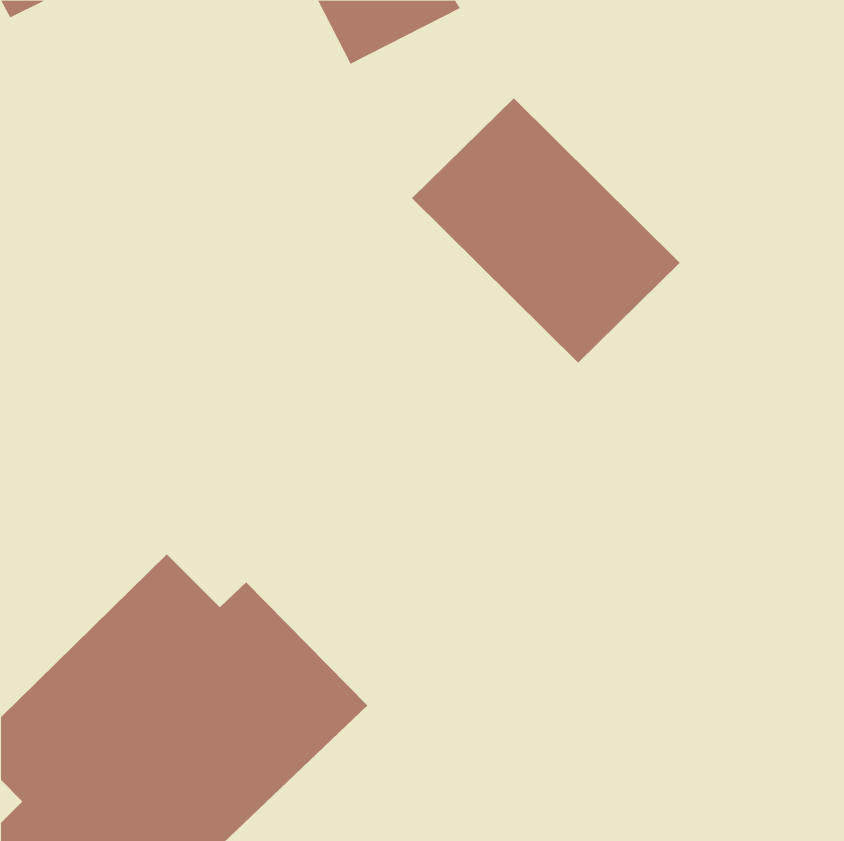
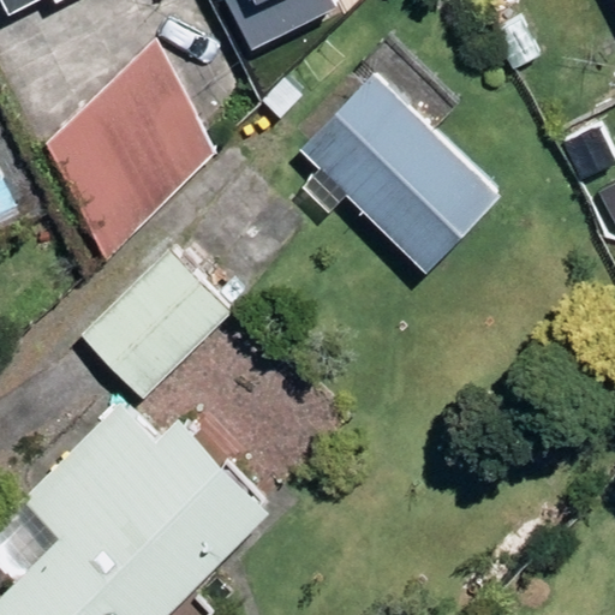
building: none -> [46,35,213,262]
building: none -> [85,247,238,399]

